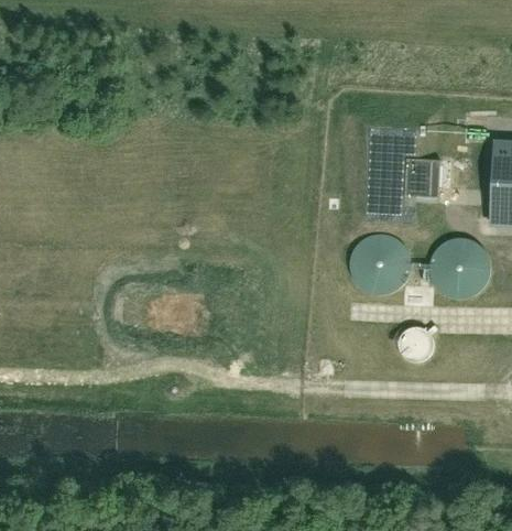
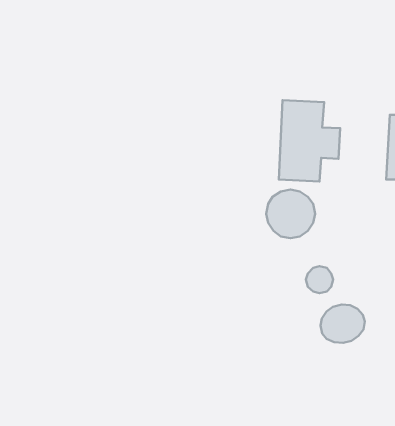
building: [429,238,489,297] -> none
building: none -> [320,304,365,343]

